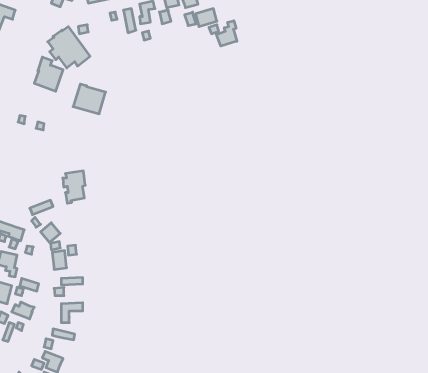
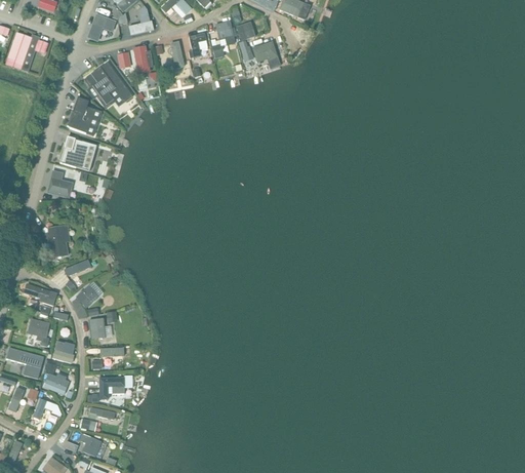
building: none -> [133,45,153,73]
building: [216,21,237,46] -> none
building: [73,84,106,114] -> [59,136,96,170]
building: none -> [46,176,73,198]
building: [63,171,85,203] -> [44,224,70,261]

